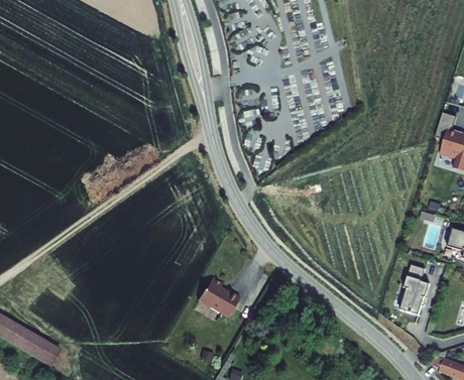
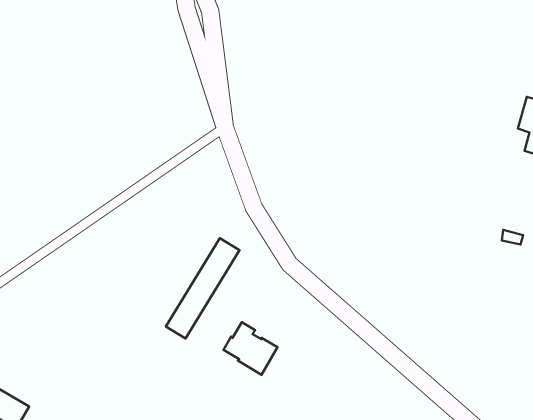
building: none -> [166,238,240,338]
building: [400,267,428,318] -> none

